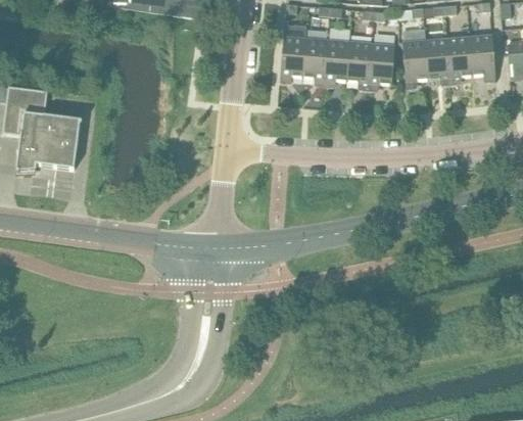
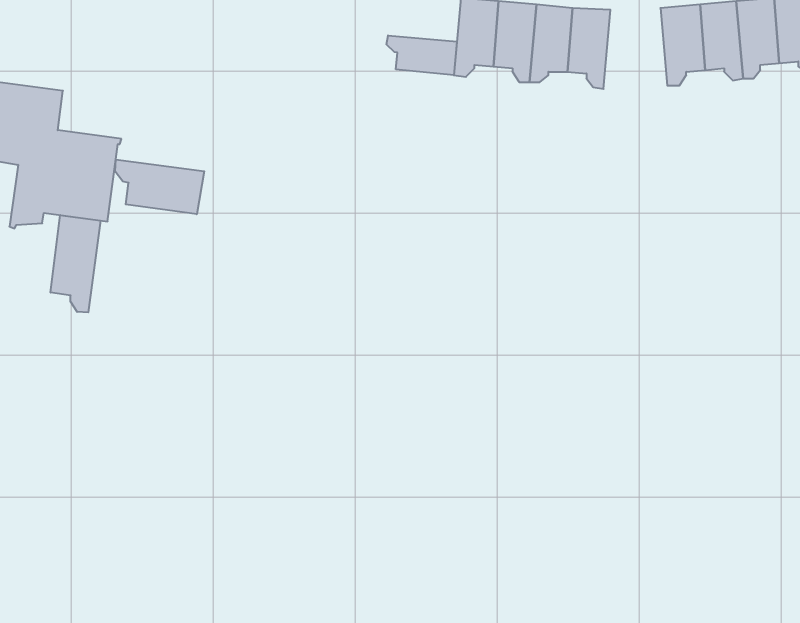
building: [369,42,395,89] -> none
building: none -> [386,35,457,75]
building: none -> [115,160,204,214]
building: none -> [51,215,100,312]

